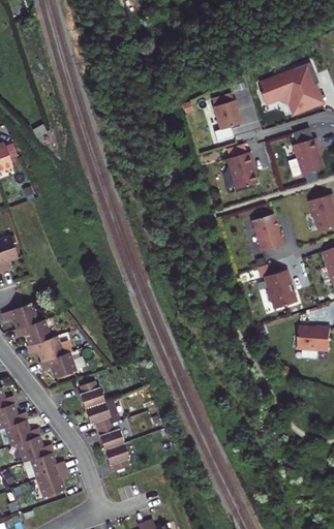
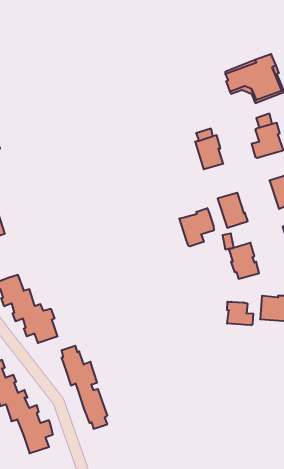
building: [214,102,241,129] -> none
building: none -> [179,208,214,246]
building: none -> [227,302,253,325]

